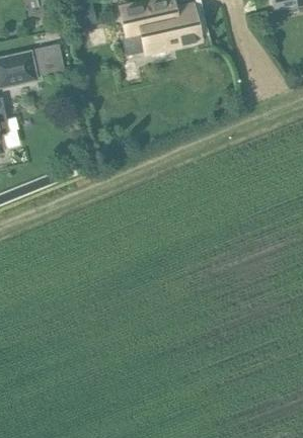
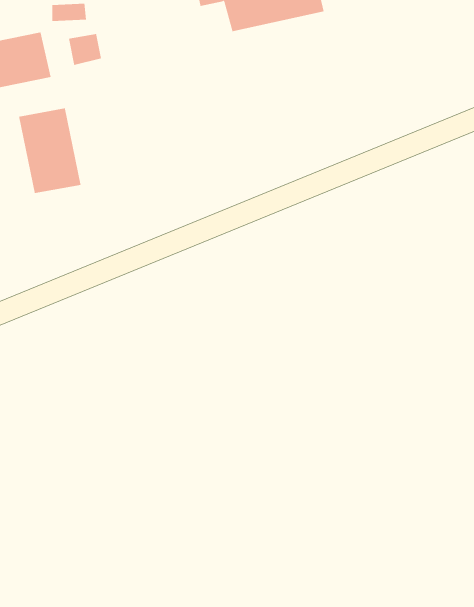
building: none -> [19,108,81,194]

